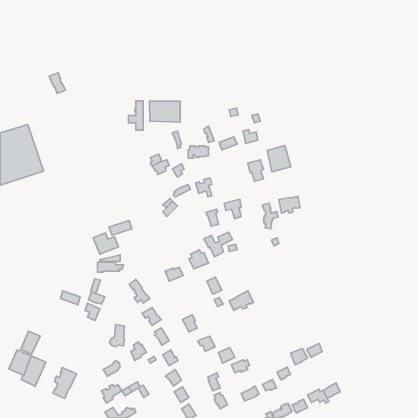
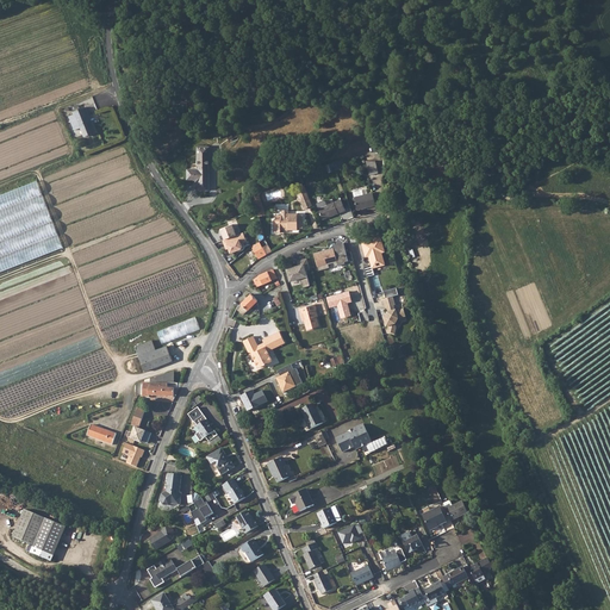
building: [149,101,180,122] -> none
building: [267,145,291,172] -> none
building: none -> [312,242,347,269]
building: [279,196,300,213] -> none
building: [204,232,233,257] -> [243,331,285,367]
building: [21,331,40,354] -> none
building: [53,367,76,399] -> none

